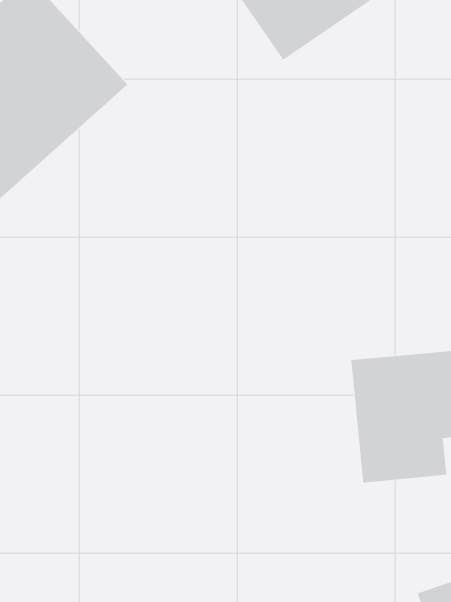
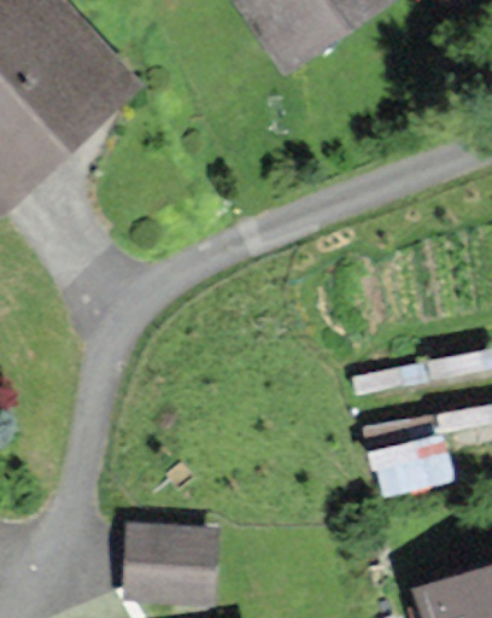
building: none -> [124,531,213,597]

